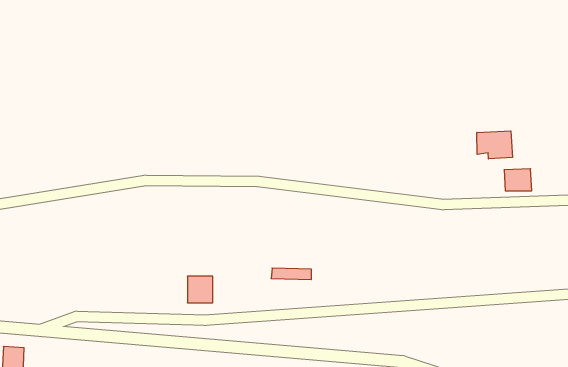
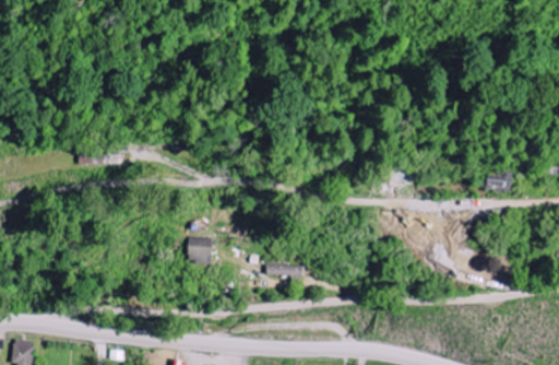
building: [477,131,512,159] -> none
building: [187,276,213,303] -> [190,237,214,262]

